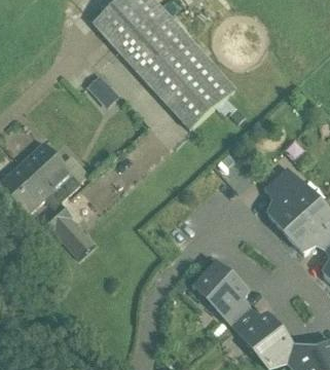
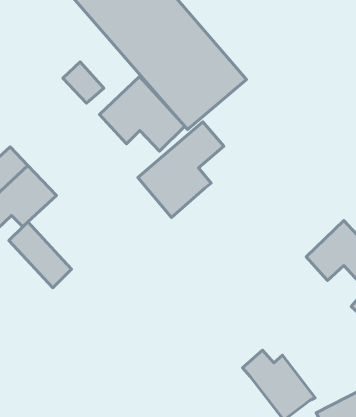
building: none -> [99,77,185,151]
building: none -> [138,122,224,217]
building: [266,170,317,233] -> none
building: [194,264,250,325] -> none

